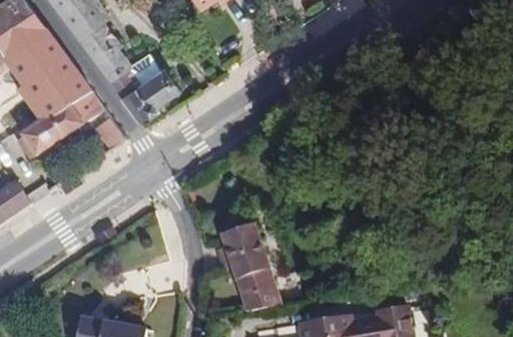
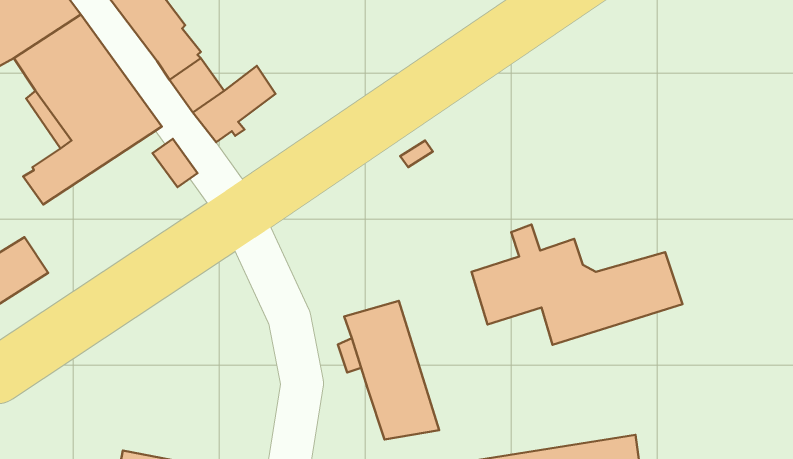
building: none -> [471,224,683,345]

